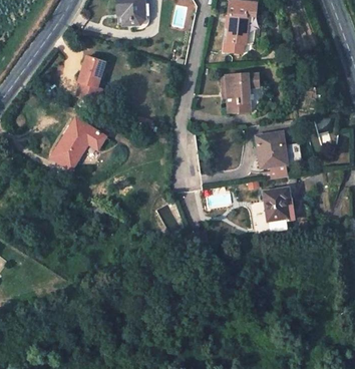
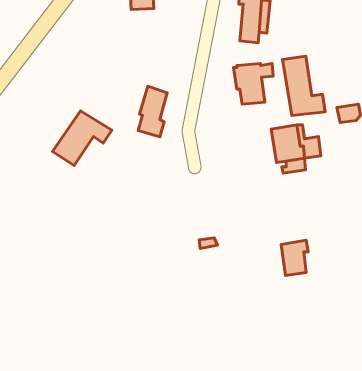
building: [74,54,101,101] -> [138,86,167,137]
building: none -> [283,56,325,115]
building: [265,187,290,220] -> [281,240,308,276]

